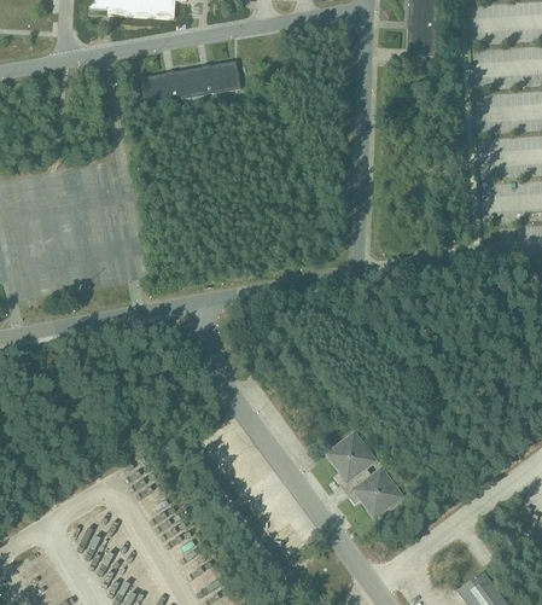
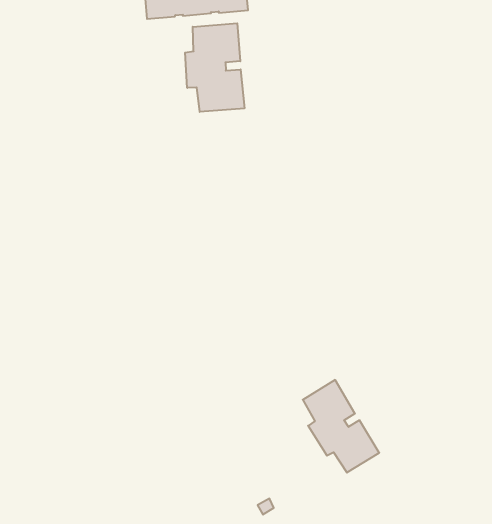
building: none -> [185,23,244,112]

